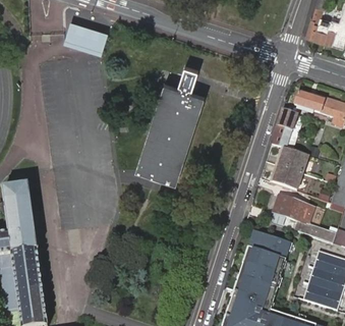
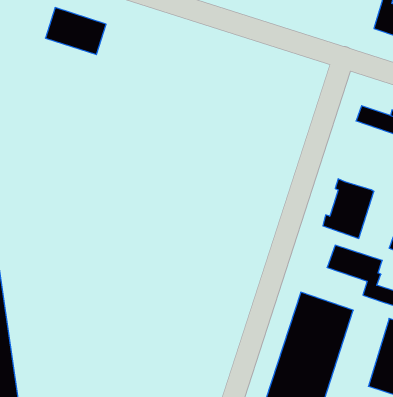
building: [135,64,204,182] -> none
building: [270,110,296,148] -> none

